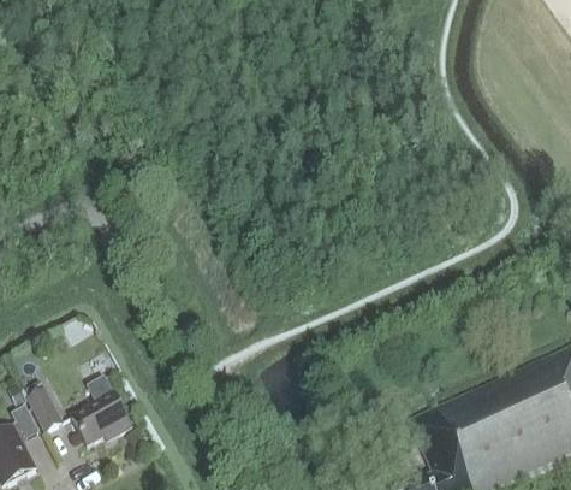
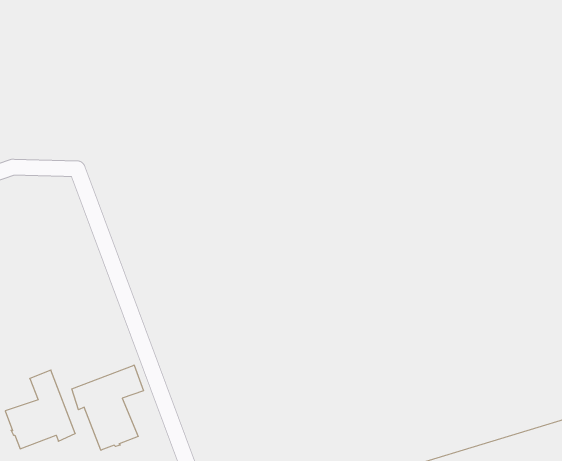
building: none -> [72,365,143,450]

